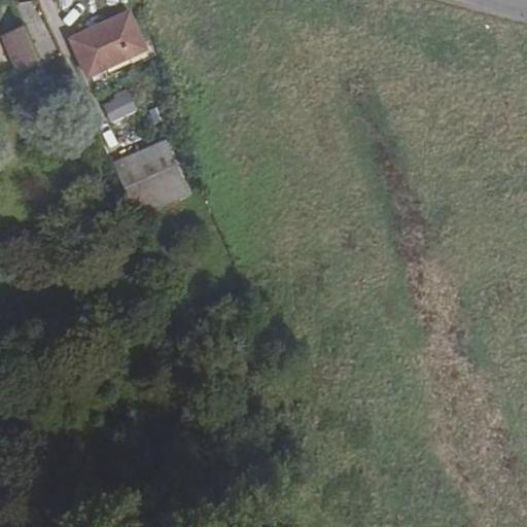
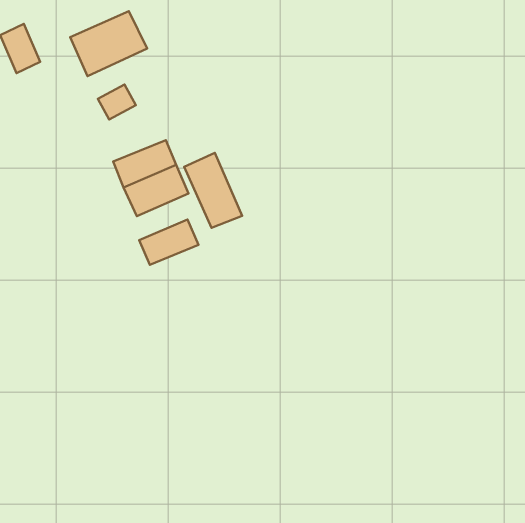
building: none -> [184,153,242,228]
building: none -> [139,220,199,265]

